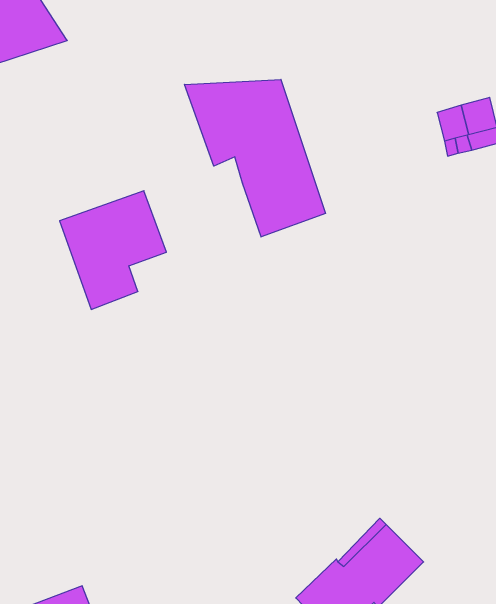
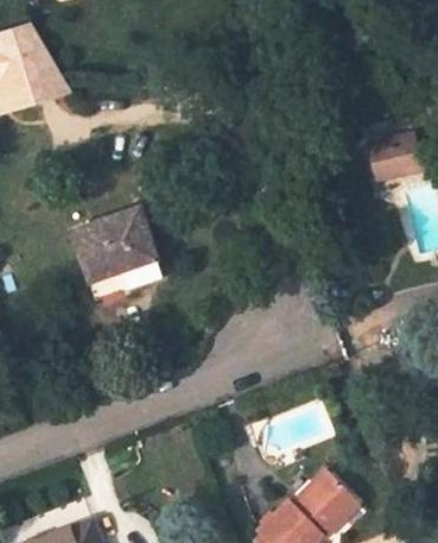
building: [185,79,326,237] -> none

